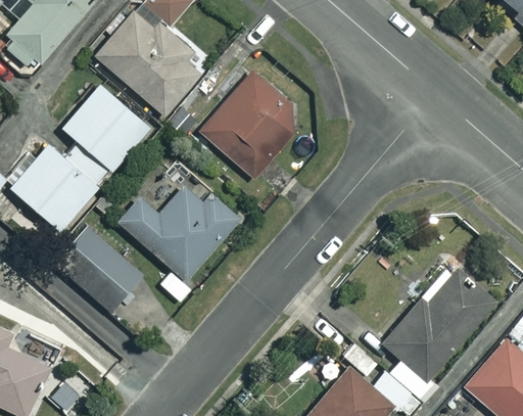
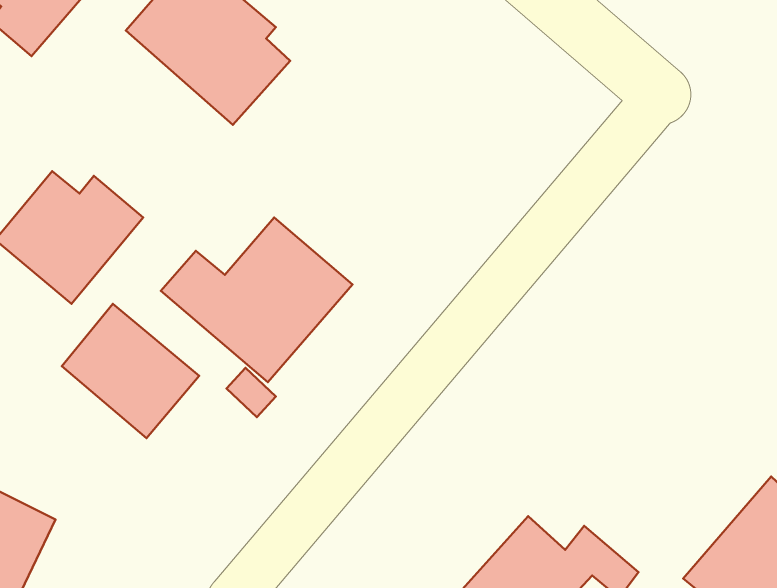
building: [201,74,300,180] -> none
building: [62,84,150,171] -> none
building: [382,269,493,402] -> none

